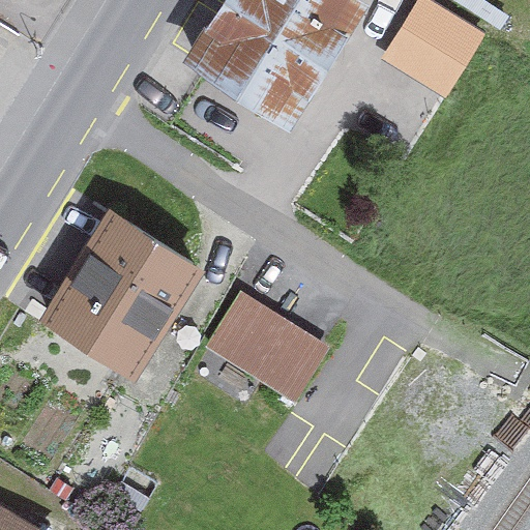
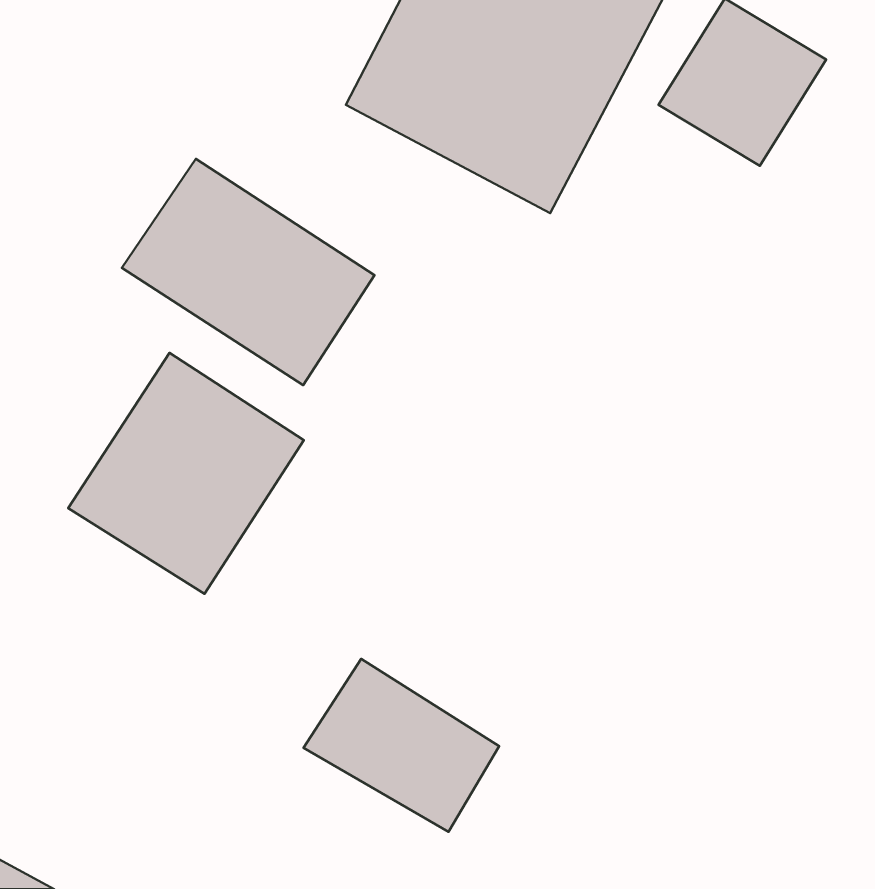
building: none -> [122,159,375,385]
building: [199,290,315,392] -> [303,659,499,832]

